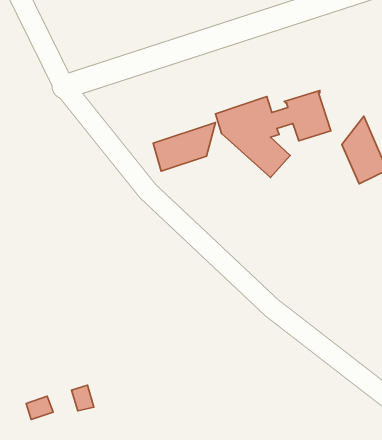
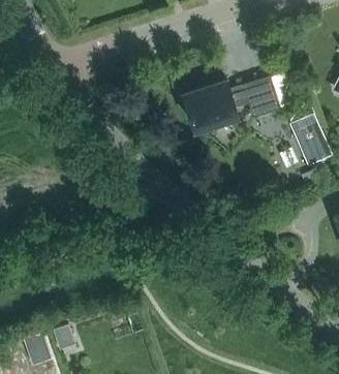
building: [153,123,215,171] -> none

